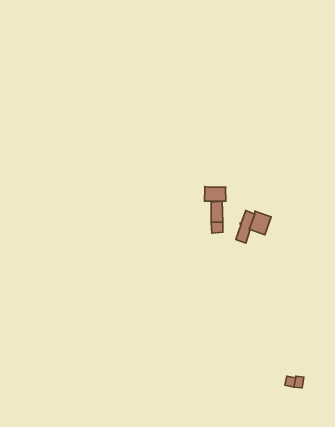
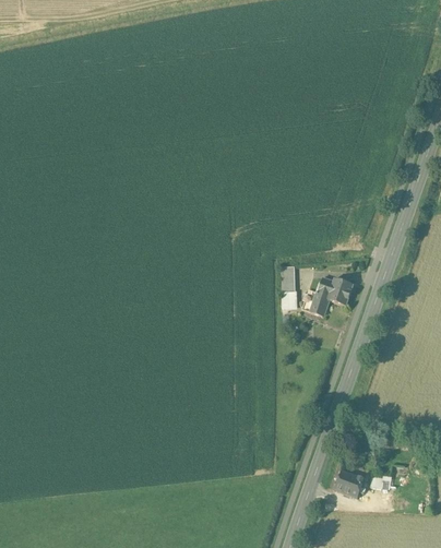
building: [205,186,226,201] -> none
building: none -> [335,470,365,498]

